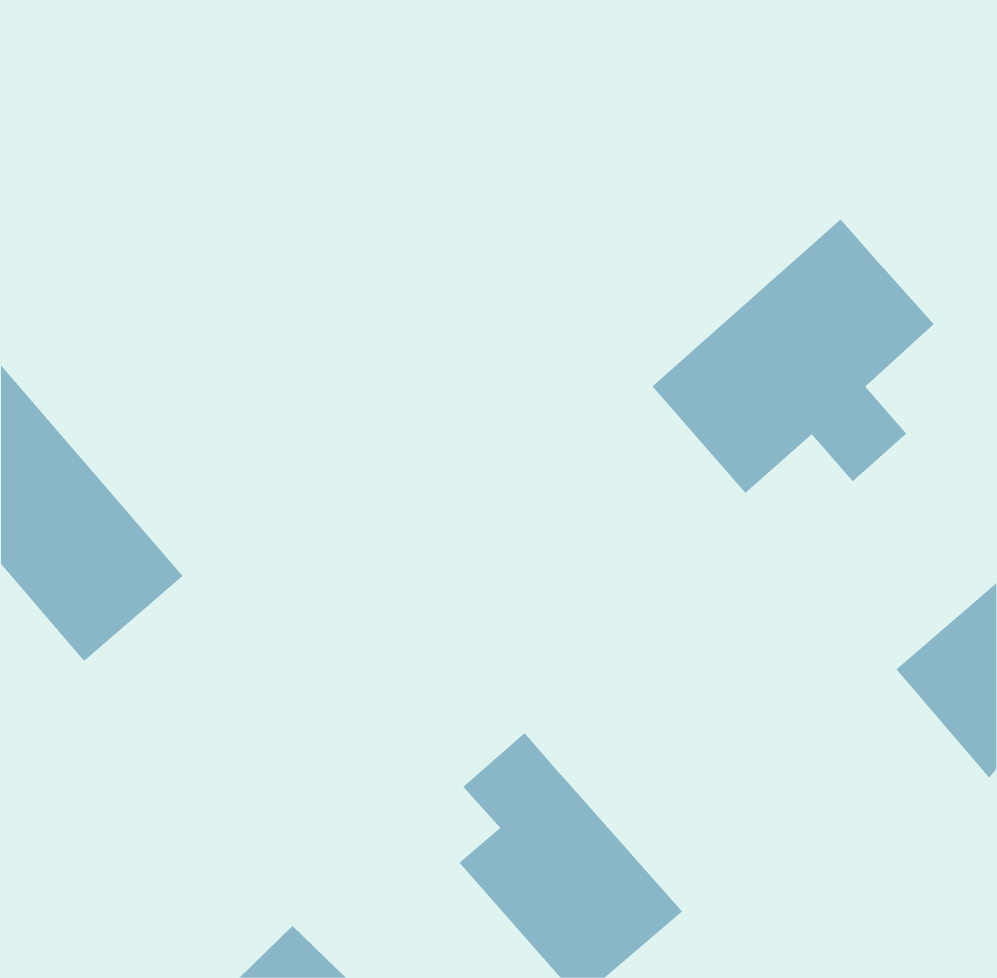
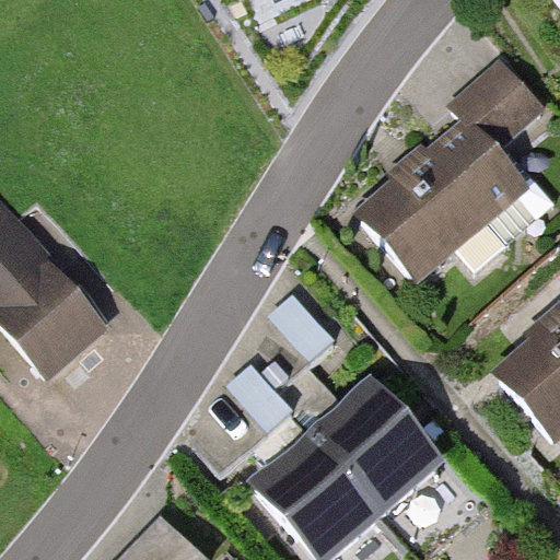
building: none -> [455,60,545,150]
building: none -> [315,383,441,511]

